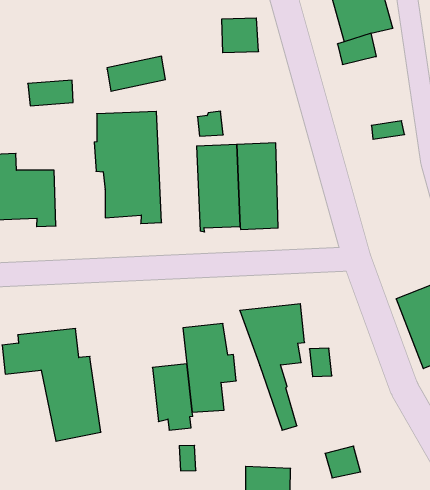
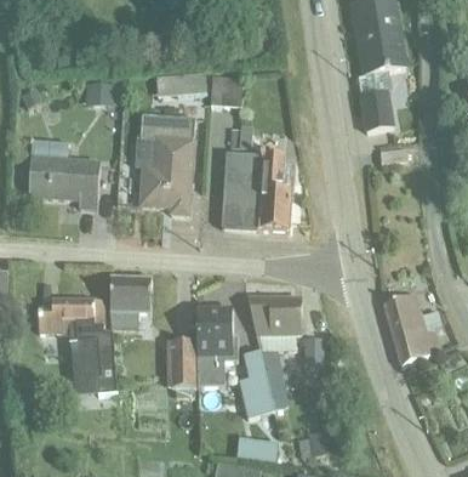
building: [222,18,259,53] -> [210,74,242,106]
building: none -> [359,91,394,131]
building: none -> [110,276,150,330]
building: none -> [238,348,274,416]

